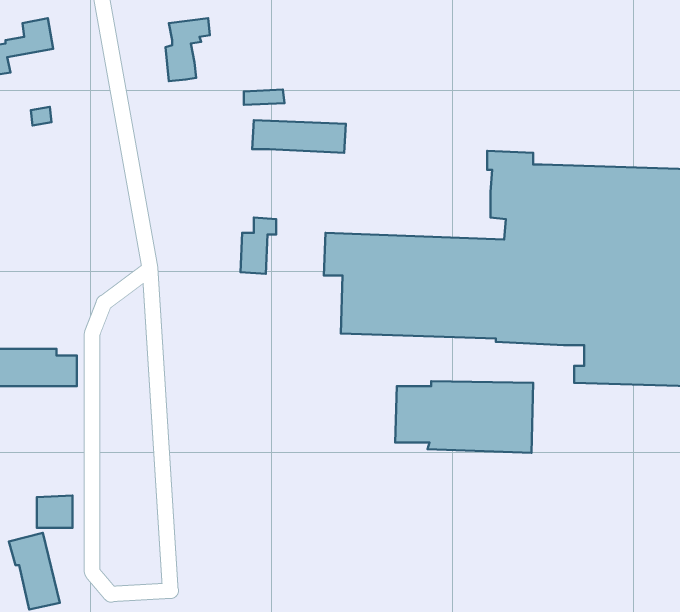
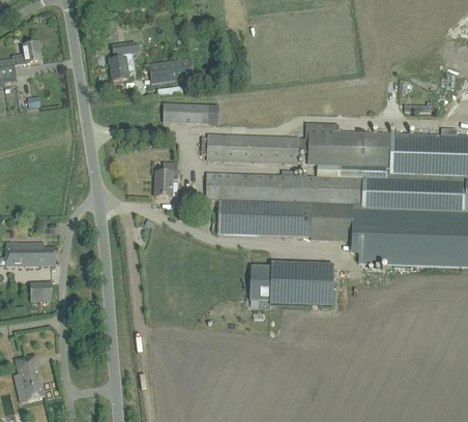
building: none -> [149,58,193,83]
building: none -> [201,133,299,162]
building: [37,496,73,528] -> [30,282,52,302]

